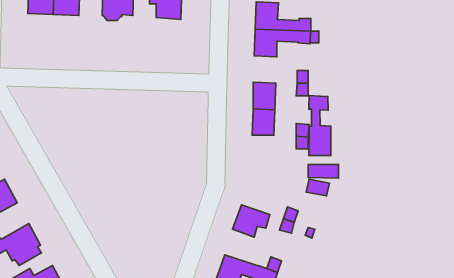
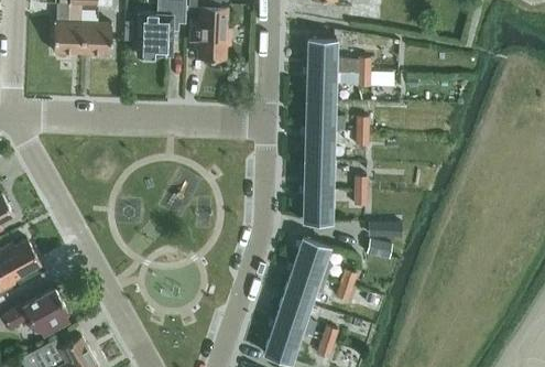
building: none -> [306,100,344,131]
building: [309,95,331,156] -> none
building: none -> [304,190,329,220]
building: none -> [293,239,329,279]
building: none -> [274,295,315,336]

